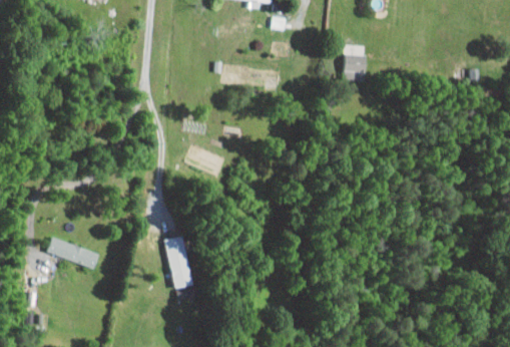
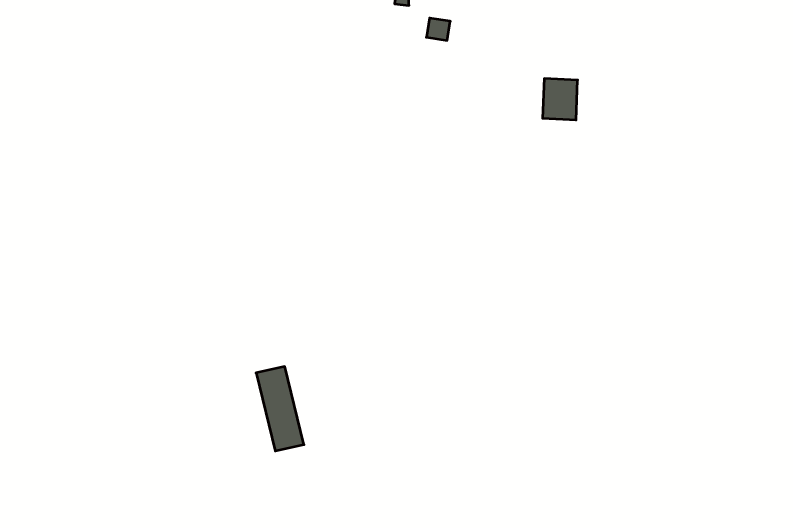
building: [46,239,98,267] -> none

